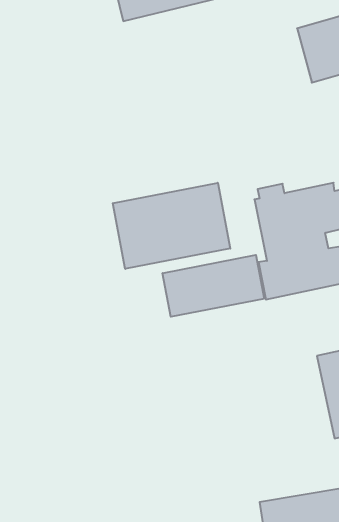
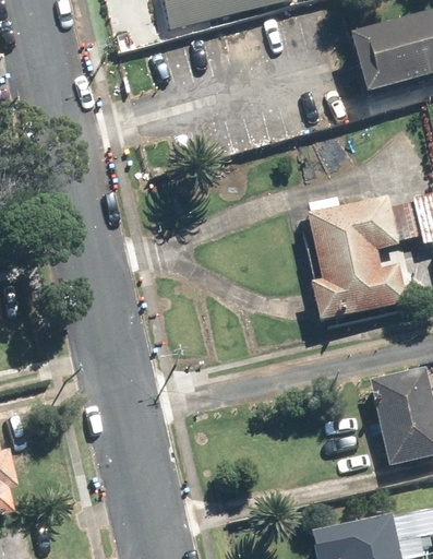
building: [113,183,230,269] -> none
building: [163,255,264,317] -> none

